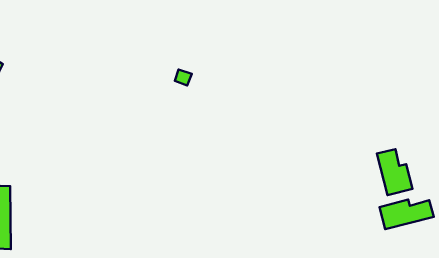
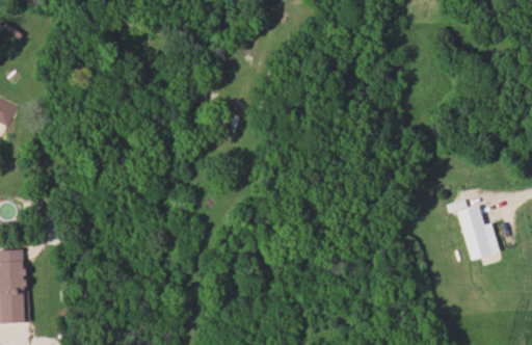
building: [379,199,434,229] -> none

